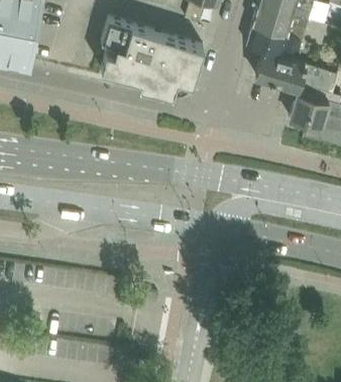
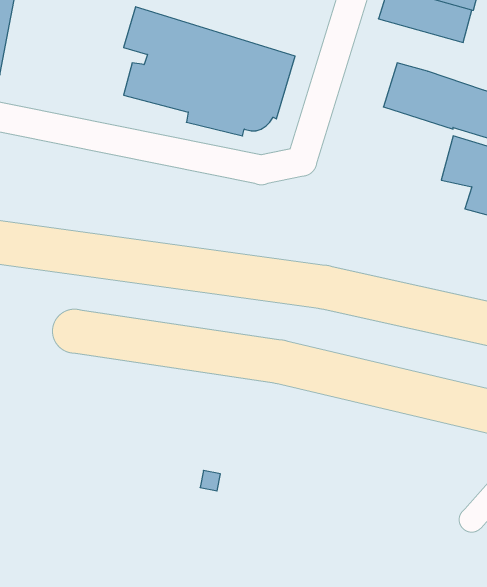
building: [246,25,303,56] -> none

